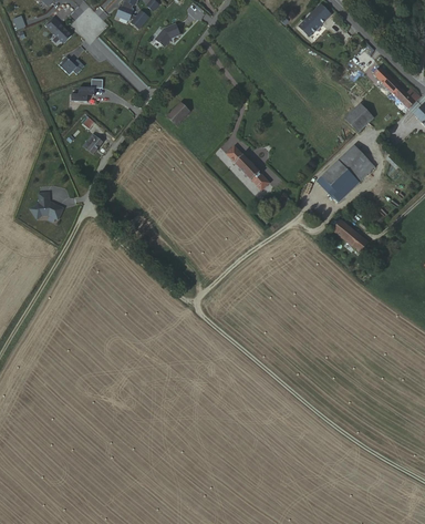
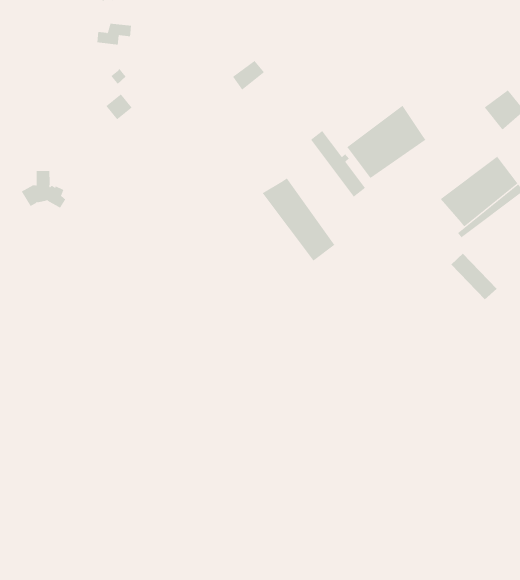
building: none -> [346,105,426,179]
building: none -> [262,178,335,261]

